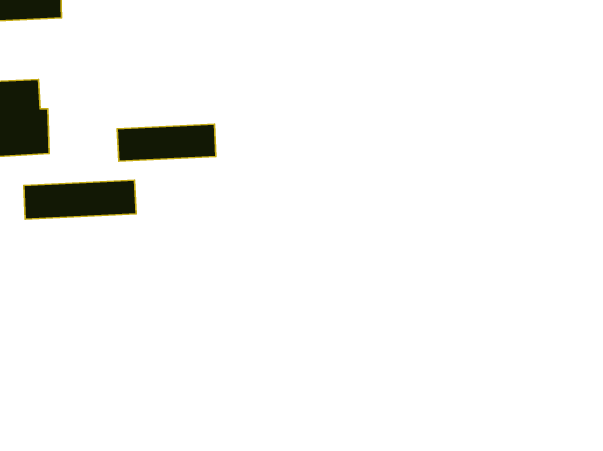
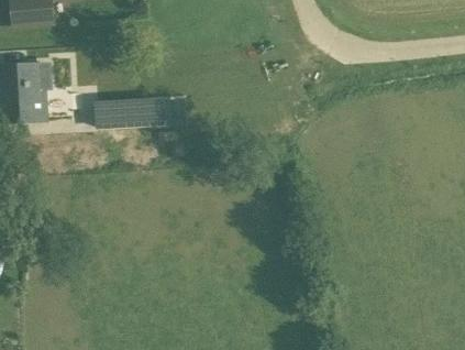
building: [24,180,136,219] -> none

